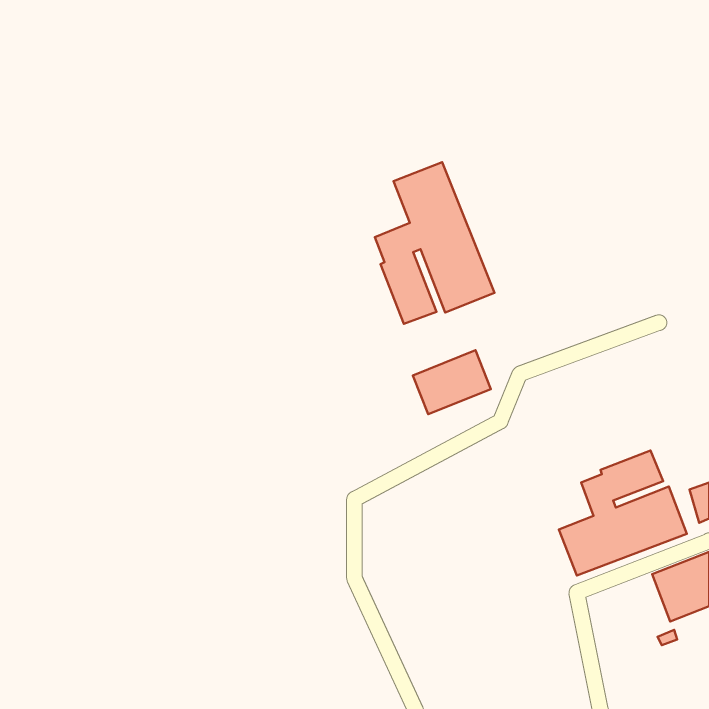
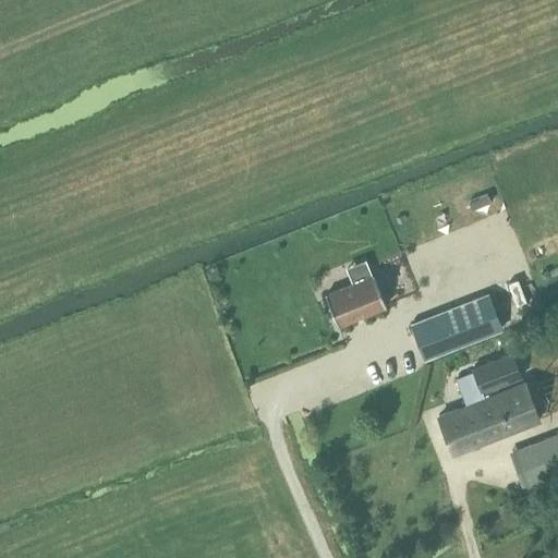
building: [375,162,495,324] -> none
building: none -> [413,296,501,361]

